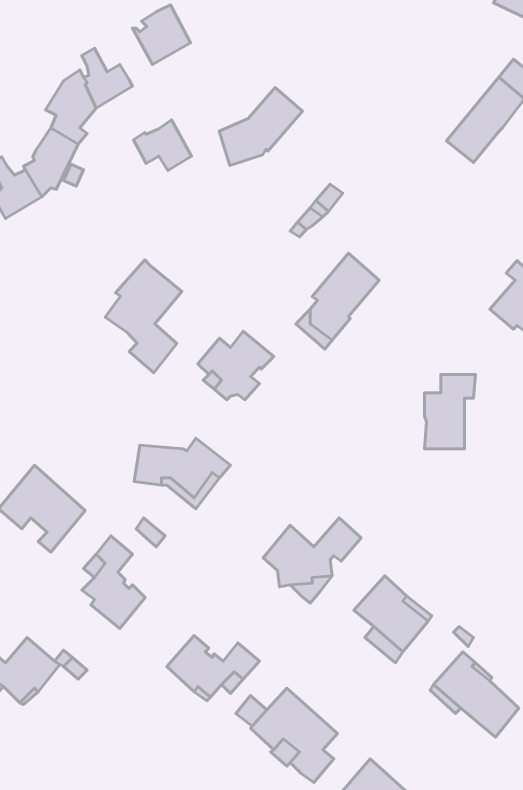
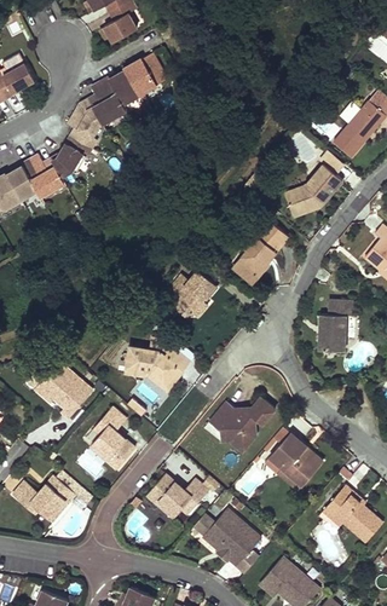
building: [219,88,302,166] -> [287,166,342,218]
building: [133,120,192,171] -> [99,69,138,103]
building: [105,260,182,373] -> none

